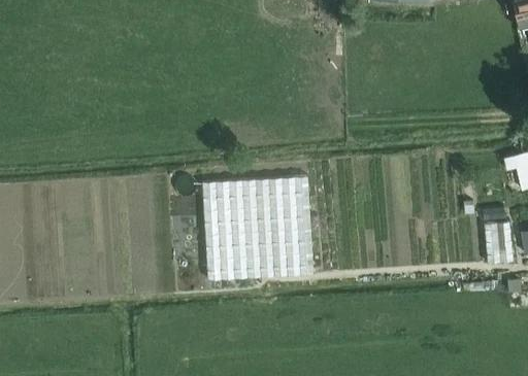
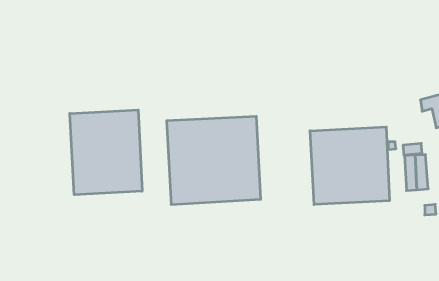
building: none -> [70,110,142,195]
building: none -> [310,127,389,205]

